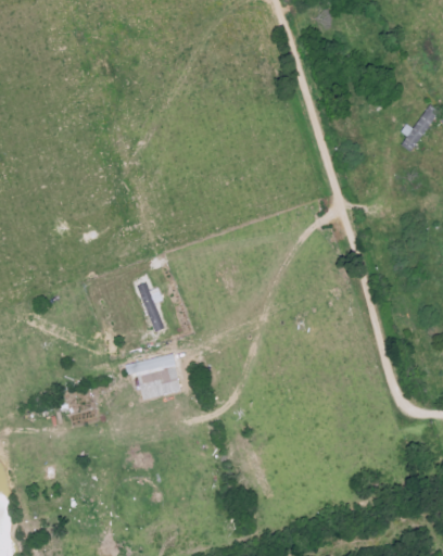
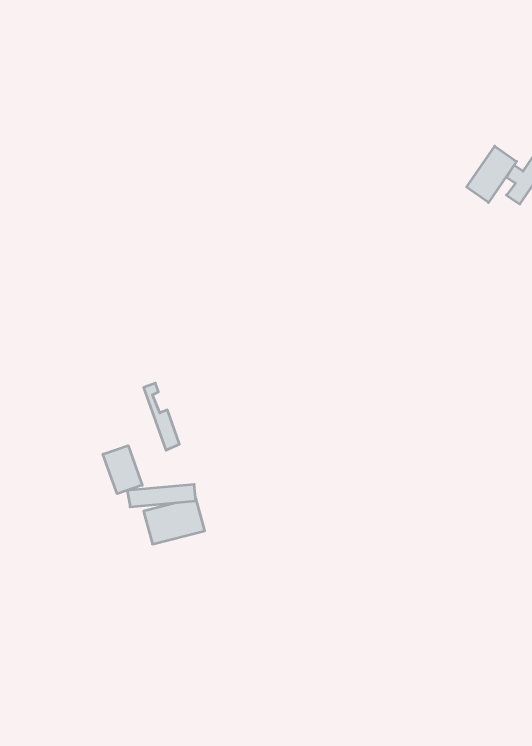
building: none -> [467,146,517,203]
building: none -> [103,446,142,494]

